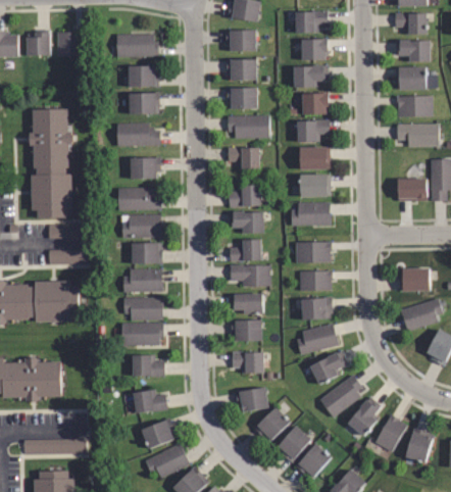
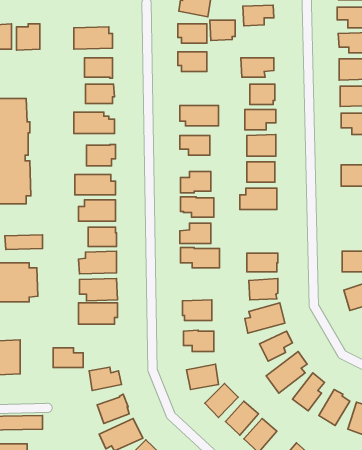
building: [301,38,328,59] -> [210,20,235,40]
building: [228,88,258,108] -> none
building: [296,241,331,263] -> none
building: [231,293,263,314] -> none
building: [134,355,165,376] -> [53,348,83,367]

